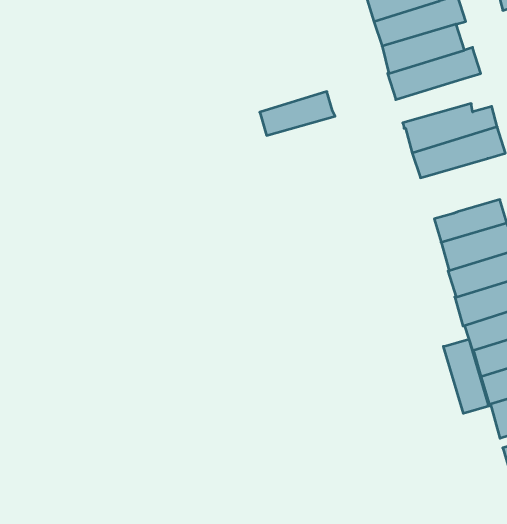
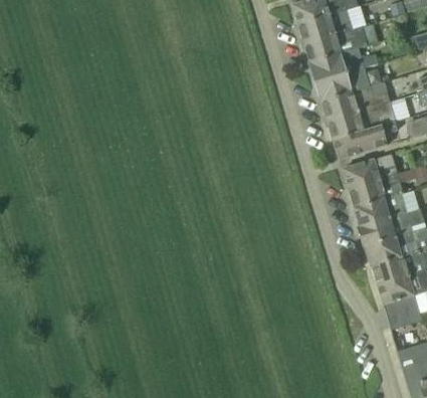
building: [260,92,335,135] -> [314,65,370,97]
building: none -> [333,124,388,159]
building: [443,339,489,413] -> none

